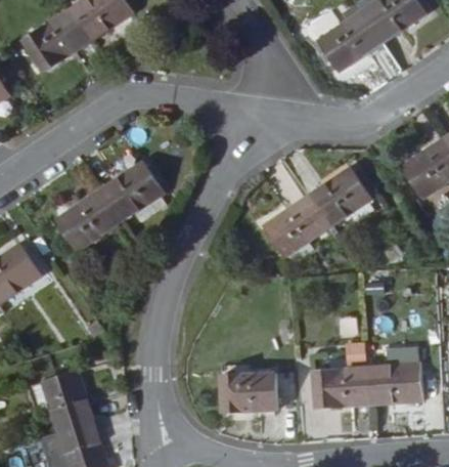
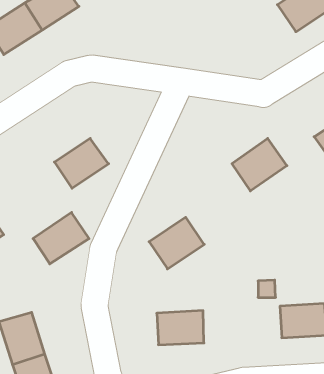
building: [318,9,384,70] -> none
building: [56,194,122,254] -> [33,212,89,264]
building: [266,196,330,256] -> [149,217,204,269]
building: [314,363,367,402] -> none

